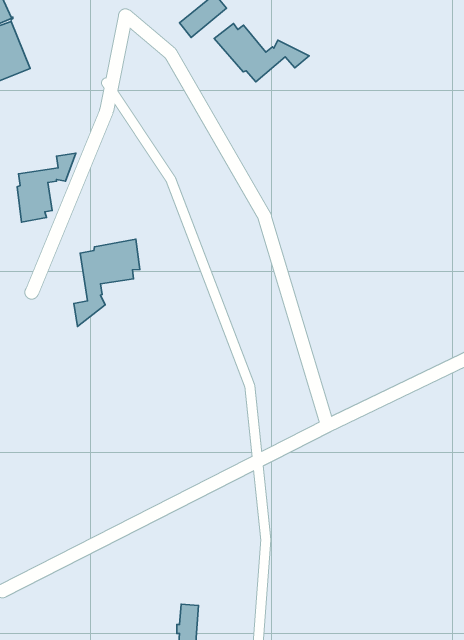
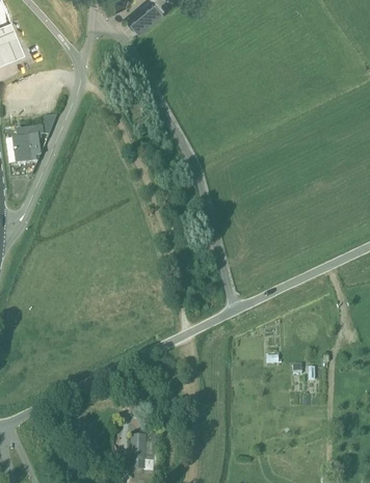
building: [214,24,309,82] -> none
building: [74,239,140,327] -> none

